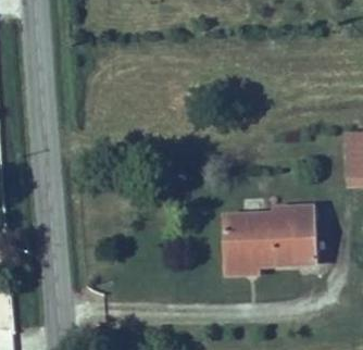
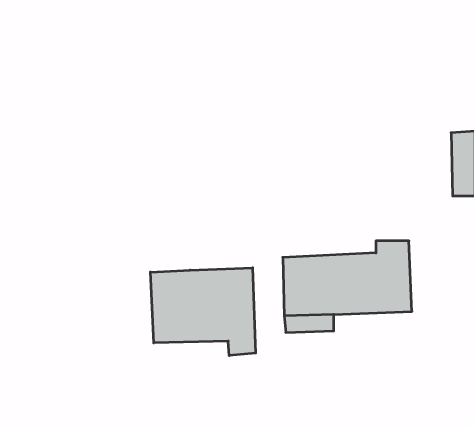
building: none -> [150,268,256,356]

